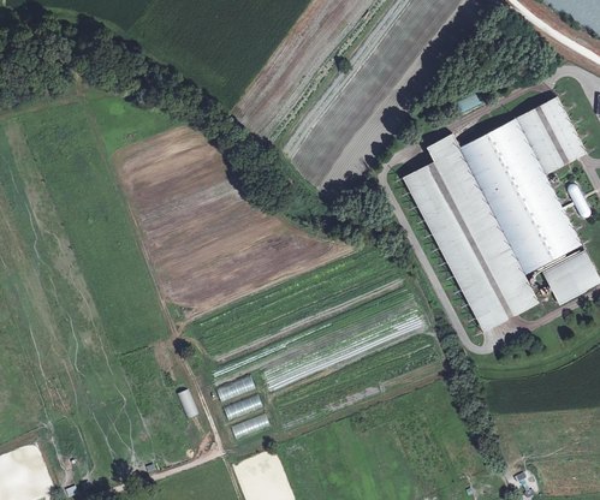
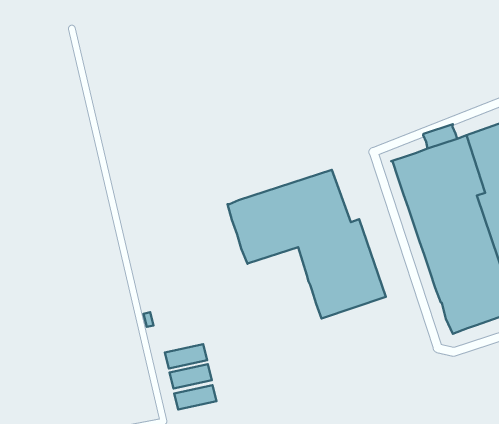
building: none -> [228,170,386,318]

